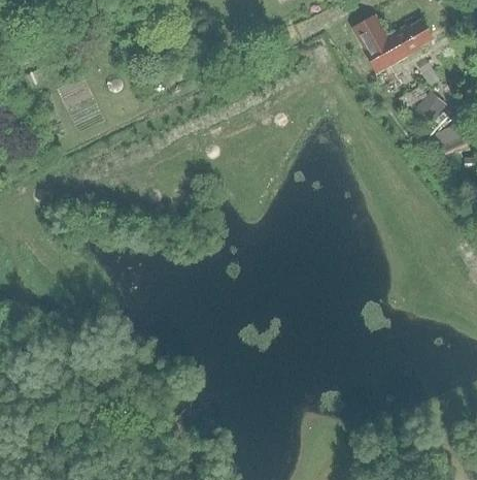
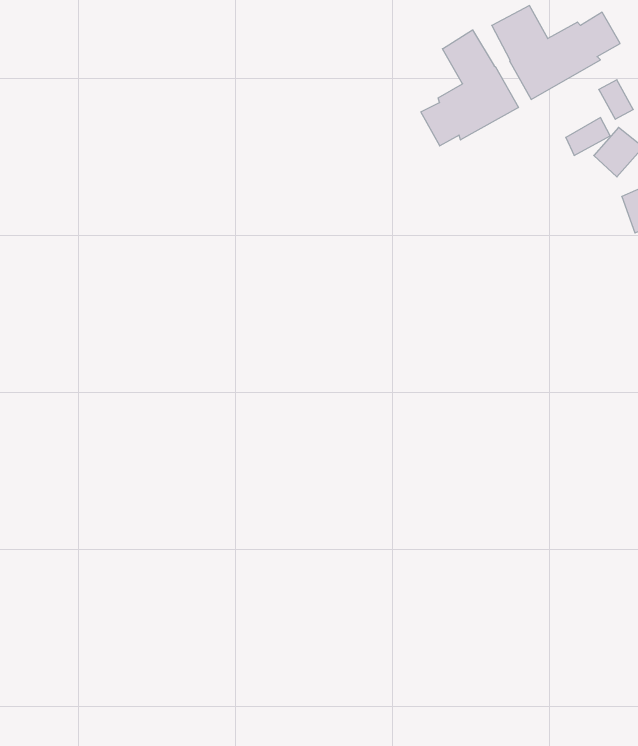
building: none -> [421,30,518,146]

